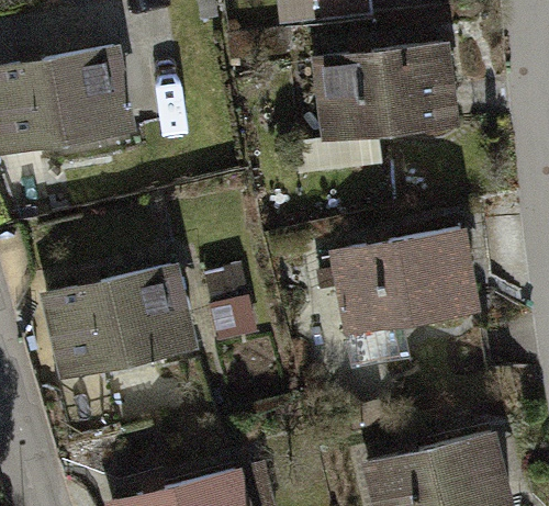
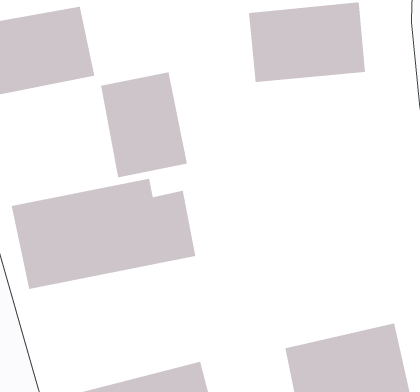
building: none -> [100,72,187,178]
building: [329,228,478,366] -> none

